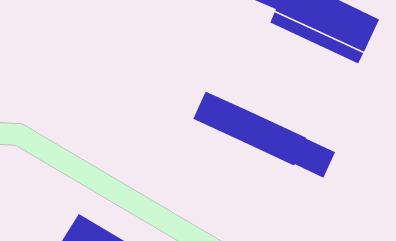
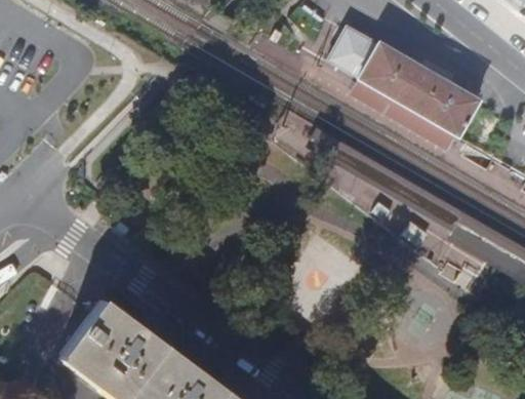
building: [192,91,336,179] -> none

